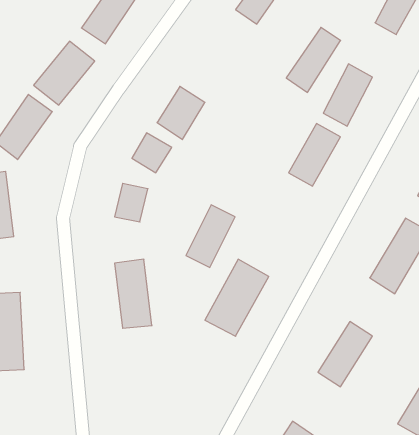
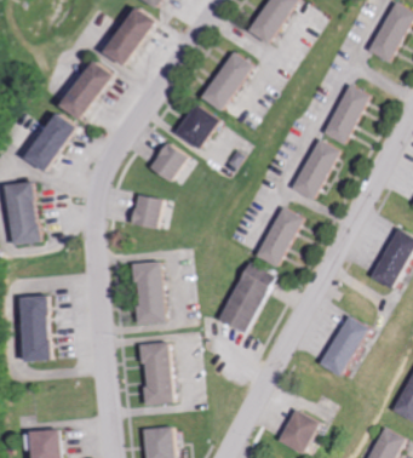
building: [286,27,341,92] -> [197,55,247,114]
building: [186,205,235,267] -> [257,206,302,263]
building: none -> [143,342,173,402]

